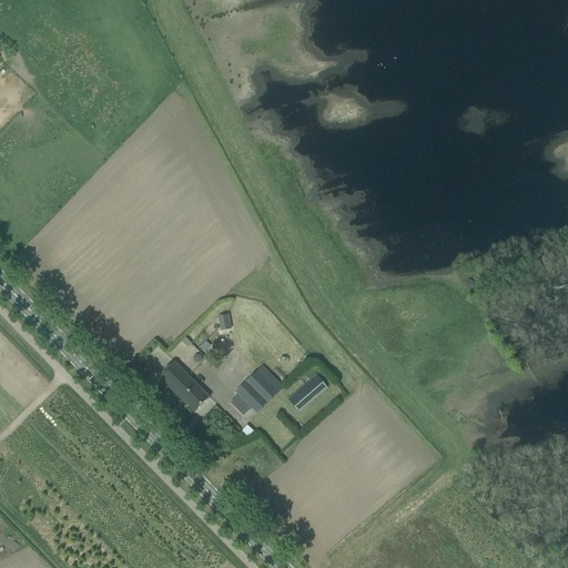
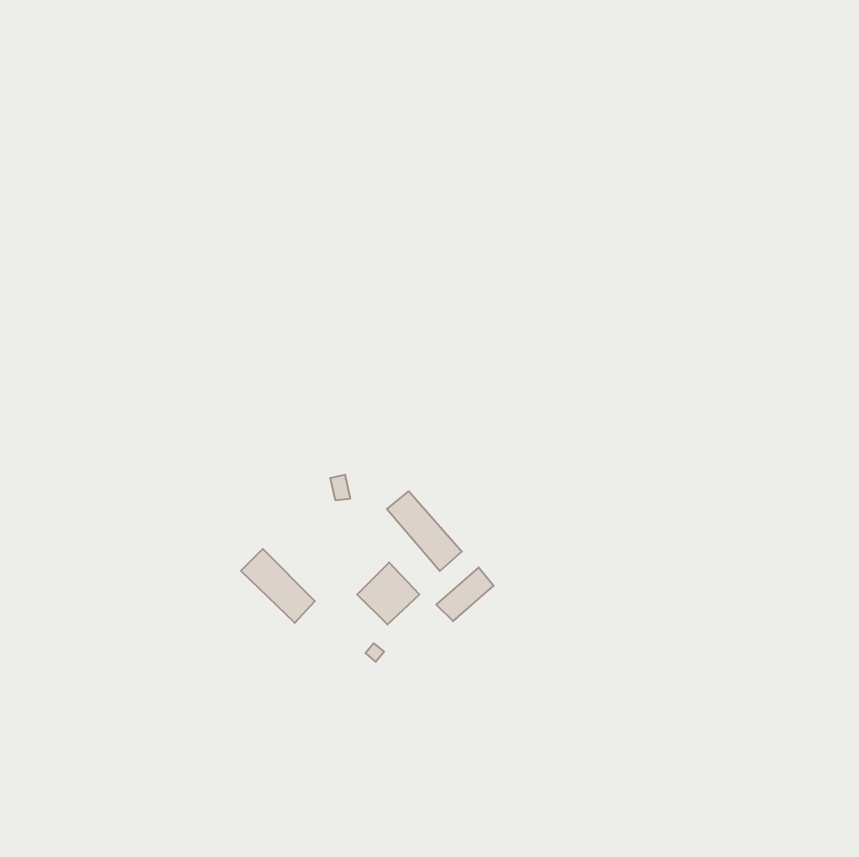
building: none -> [387,491,462,571]

